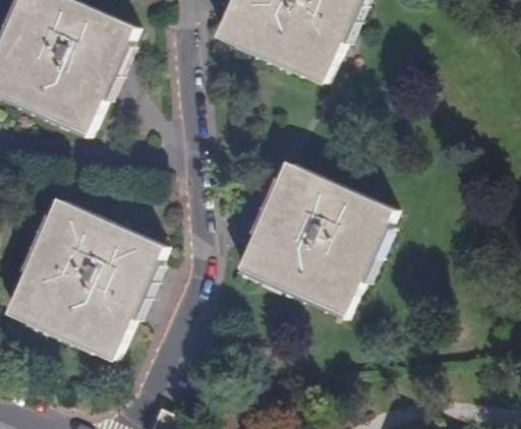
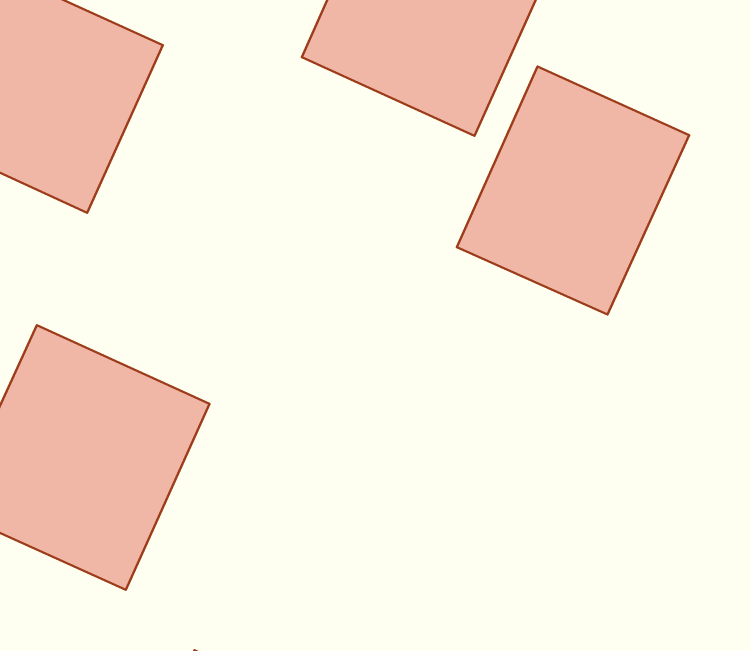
building: none -> [457,66,689,315]
building: [240,165,391,315] -> none

